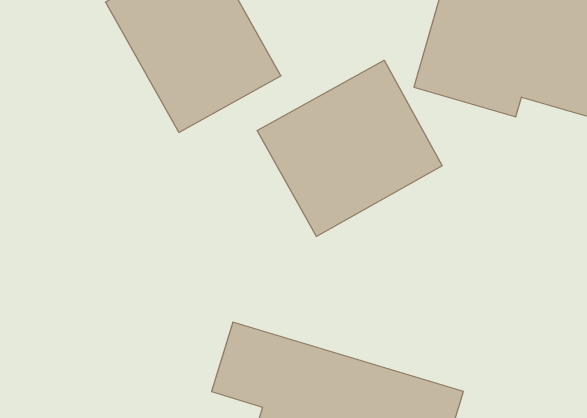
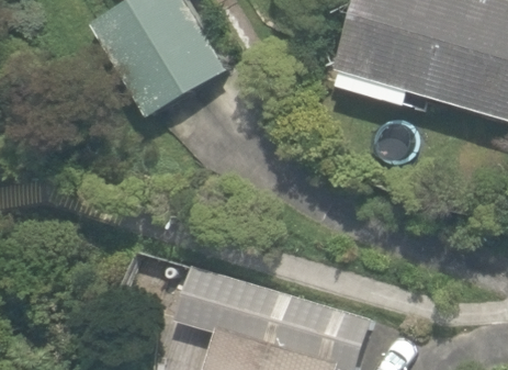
building: [257,60,442,236] -> none

